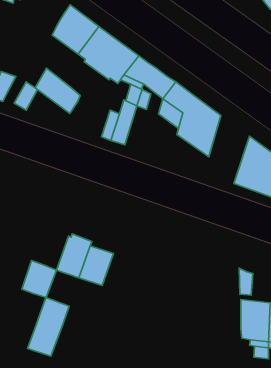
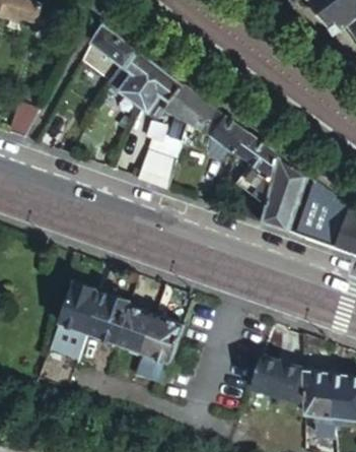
building: [35,68,80,114] -> none
building: none -> [260,152,307,231]
building: none -> [57,279,100,334]
building: none -> [247,352,302,403]
building: [28,298,69,356] -> [132,315,181,384]

